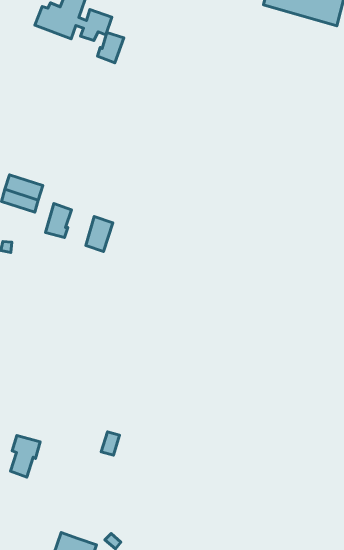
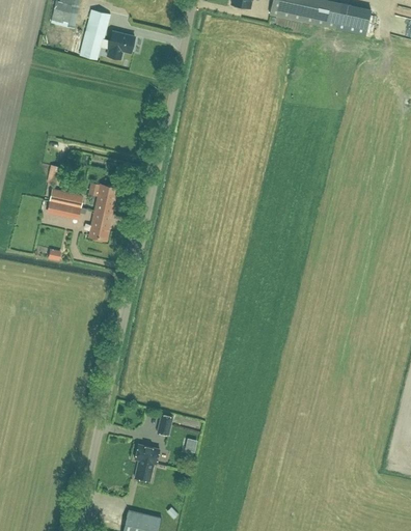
building: [97,33,124,63] -> none
building: [86,217,113,252] -> [95,184,118,215]
building: [10,435,40,477] -> [135,444,160,481]

